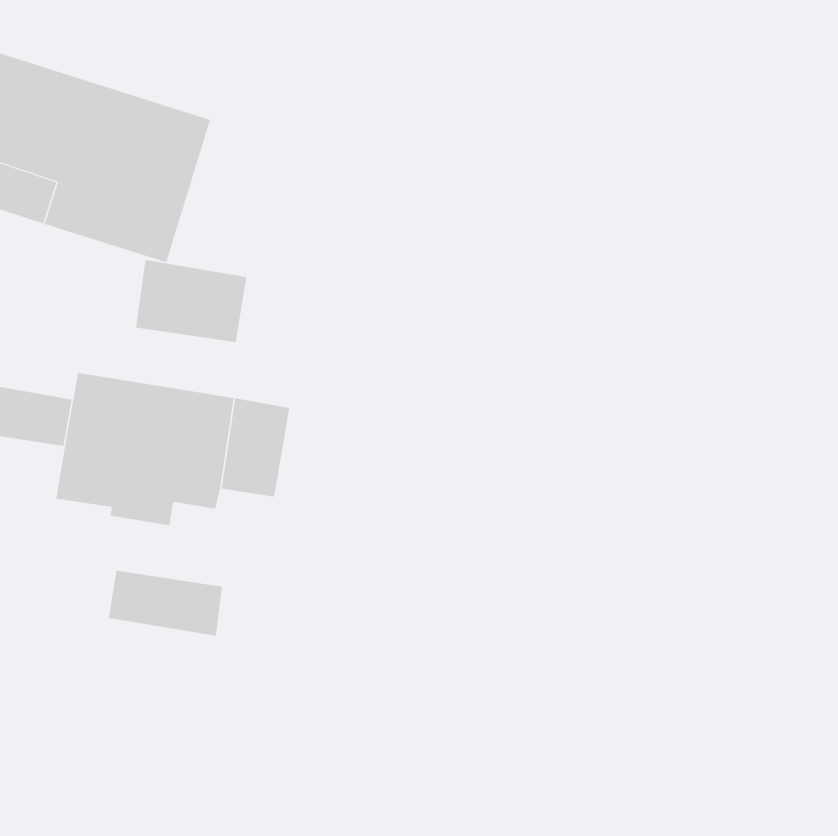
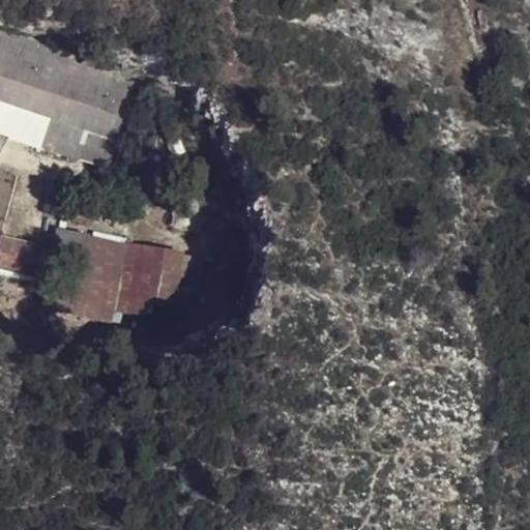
building: [136,259,247,343] -> none
building: [108,570,222,636] -> none

